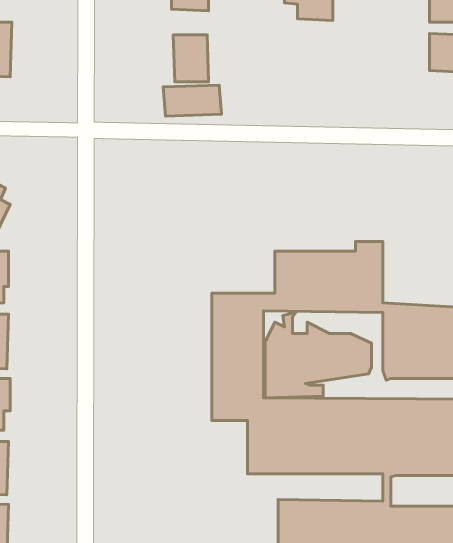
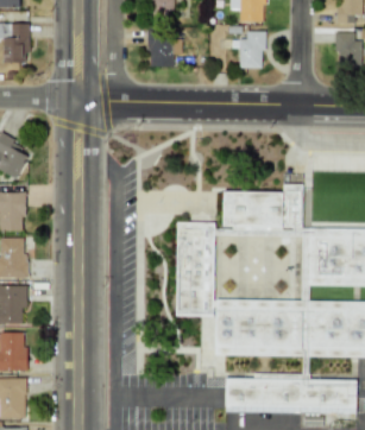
building: none -> [239,31,264,68]
building: [163,85,222,116] -> none

